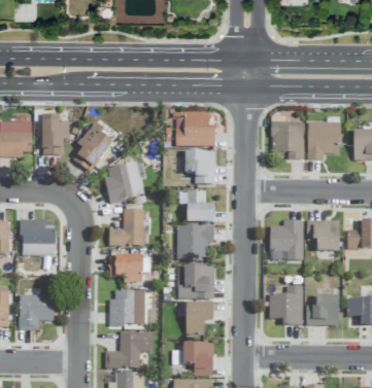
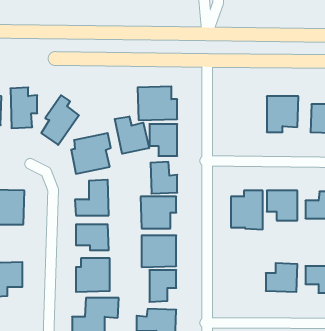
building: [271,115,304,160] -> none
building: none -> [115,116,149,154]
building: [269,286,303,325] -> none

